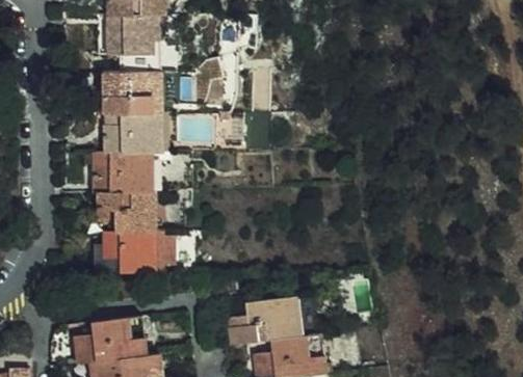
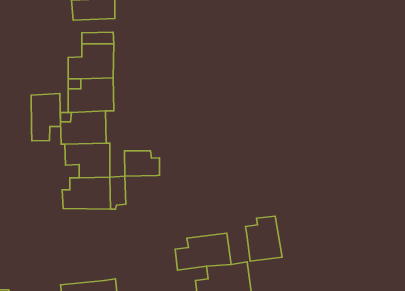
building: none -> [31,94,61,141]
building: none -> [124,151,160,176]
building: none -> [246,216,282,261]
building: [76,318,146,366] -> none

